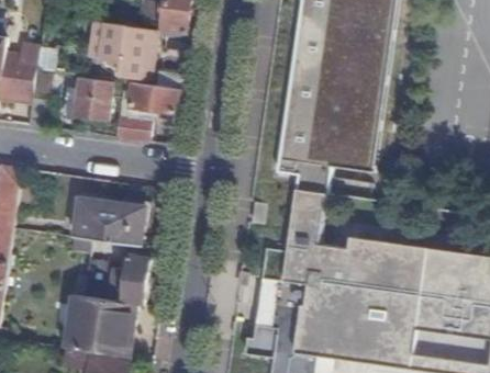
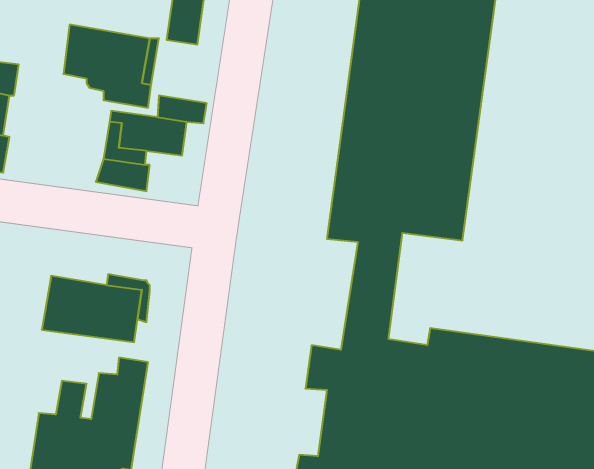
building: [62,76,109,120] -> none

